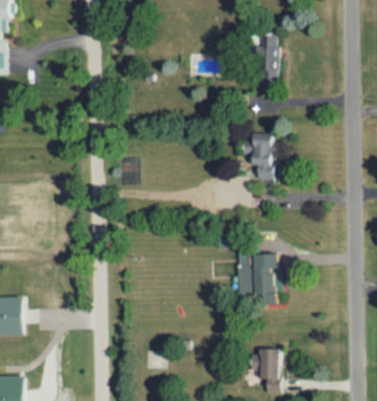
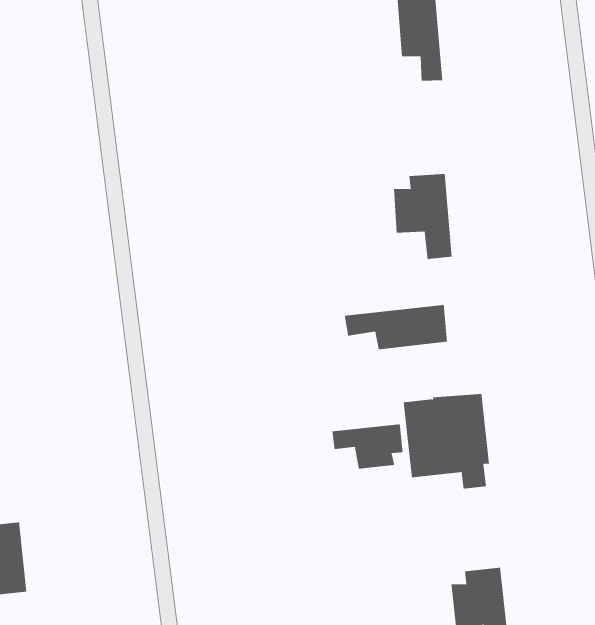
building: none -> [344,304,447,350]
building: none -> [332,424,403,469]

